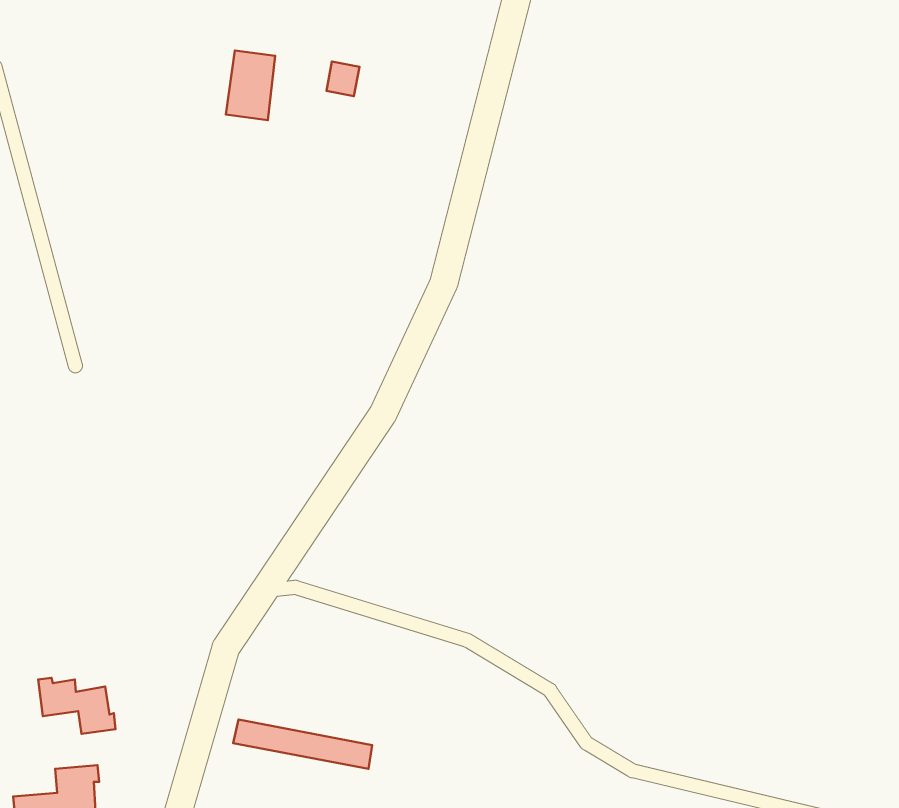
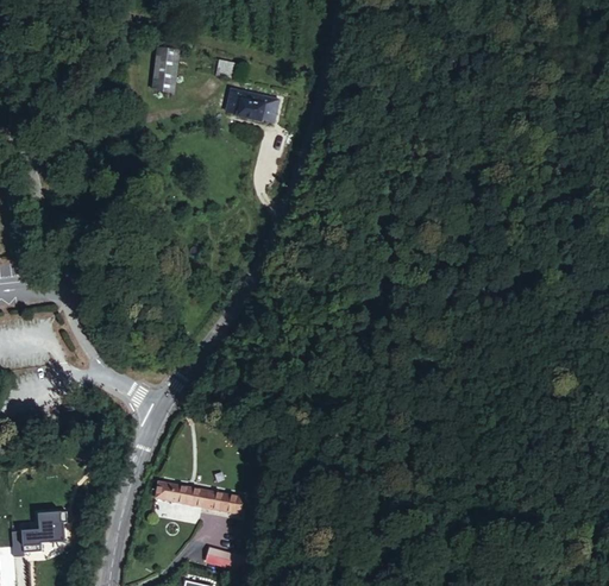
building: none -> [224,93,278,121]
building: [38,678,116,734] -> none

